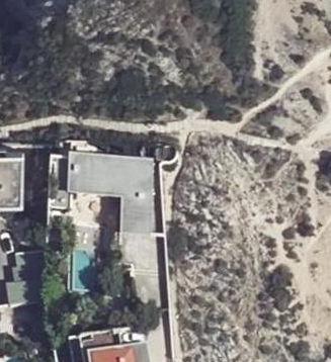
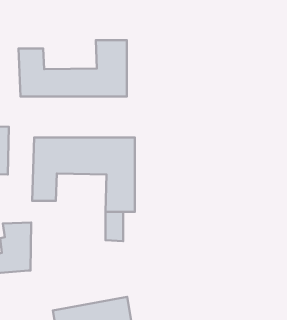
building: none -> [19,40,127,96]

